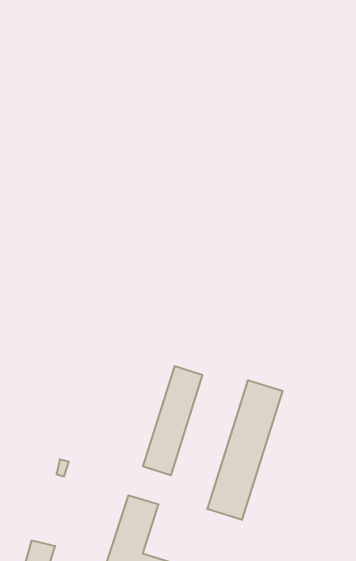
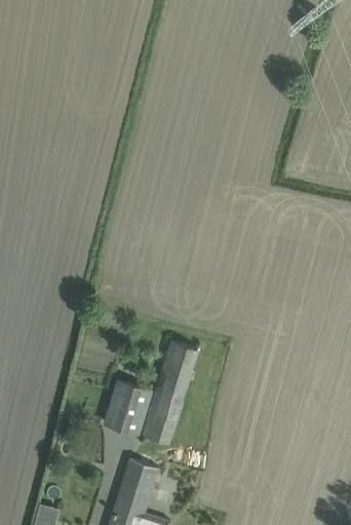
building: [207,380,283,520] -> none
building: none -> [105,381,151,437]

